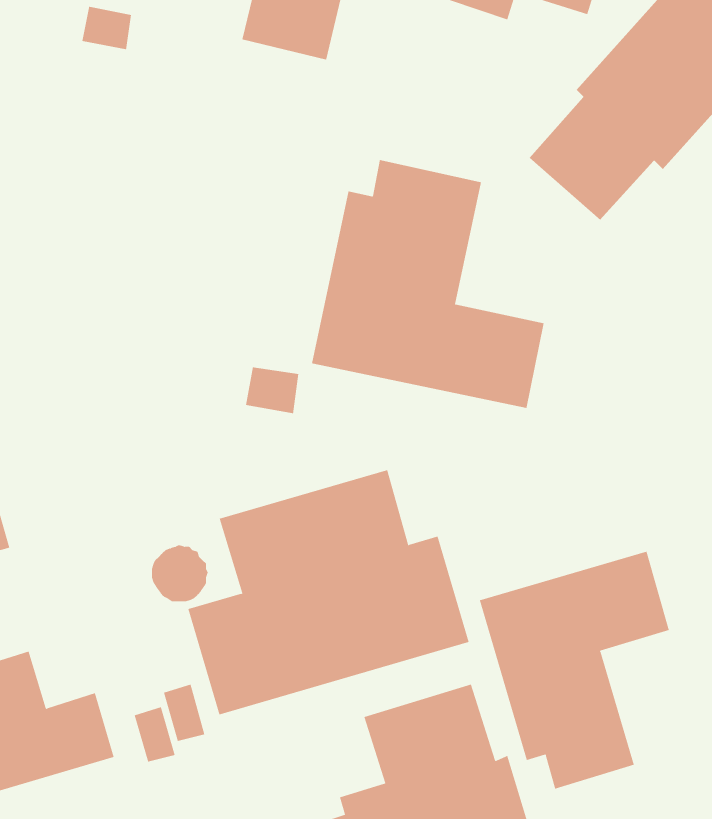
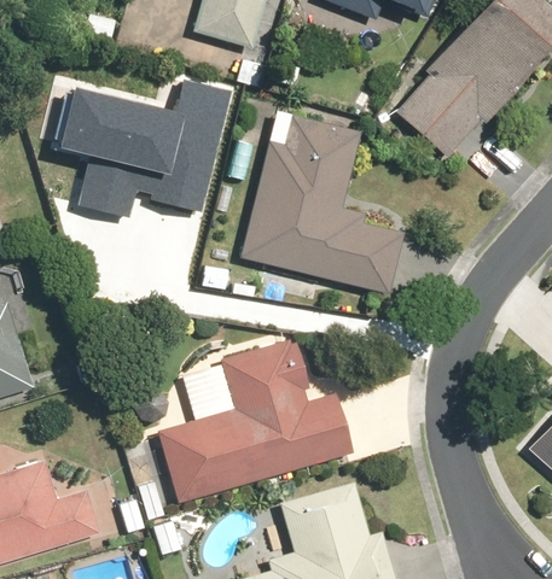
building: none -> [60,78,239,215]
building: [479,551,670,789] -> none

